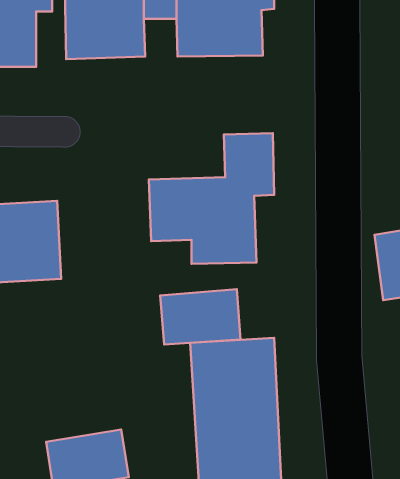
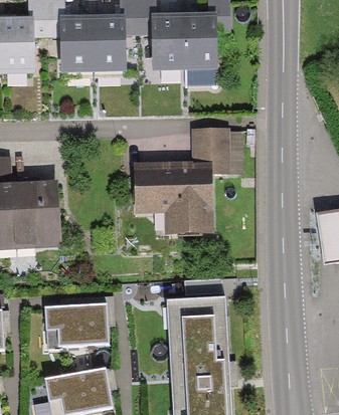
building: [160,289,241,344] -> [44,301,109,346]

